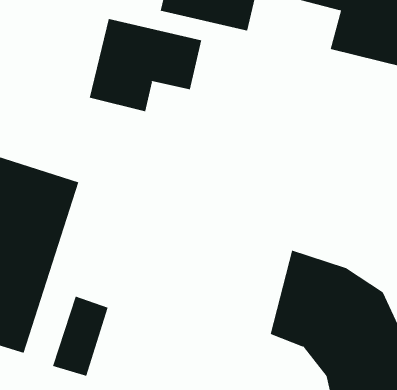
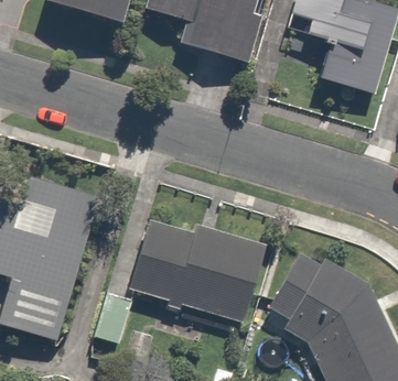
building: [89,18,202,112] -> none
building: none -> [130,219,268,320]

